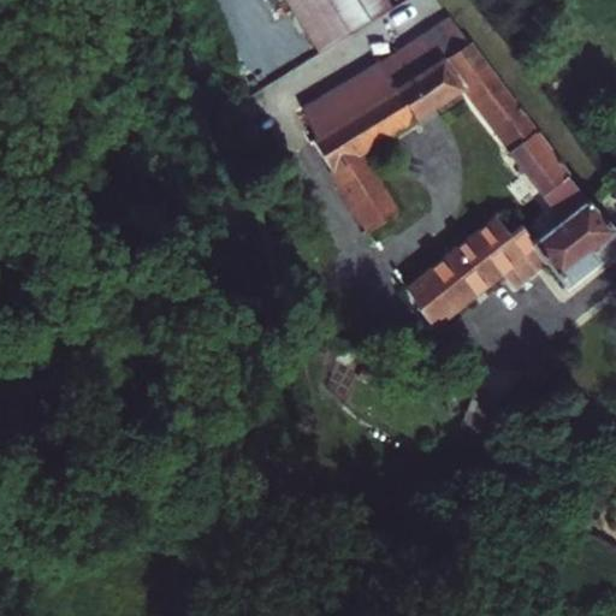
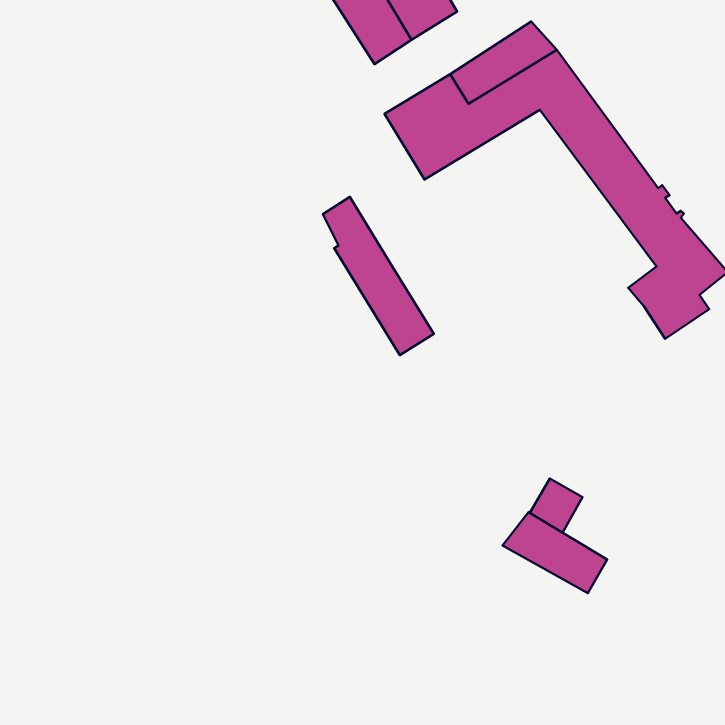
building: [304,96,398,230] -> [323,197,434,355]
building: [407,218,546,326] -> none
building: none -> [502,512,607,593]

